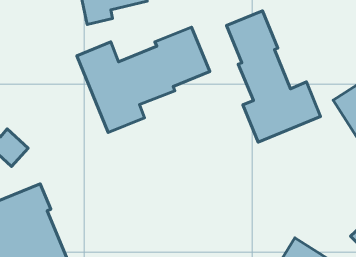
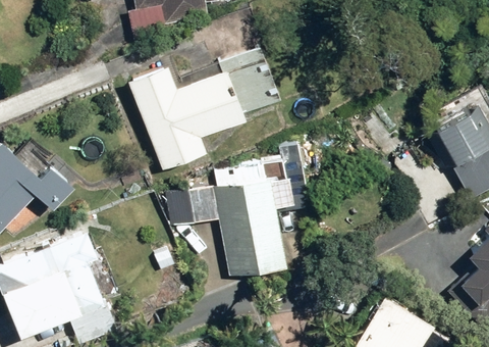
building: [226,11,321,142] -> none
building: none -> [171,158,293,280]

